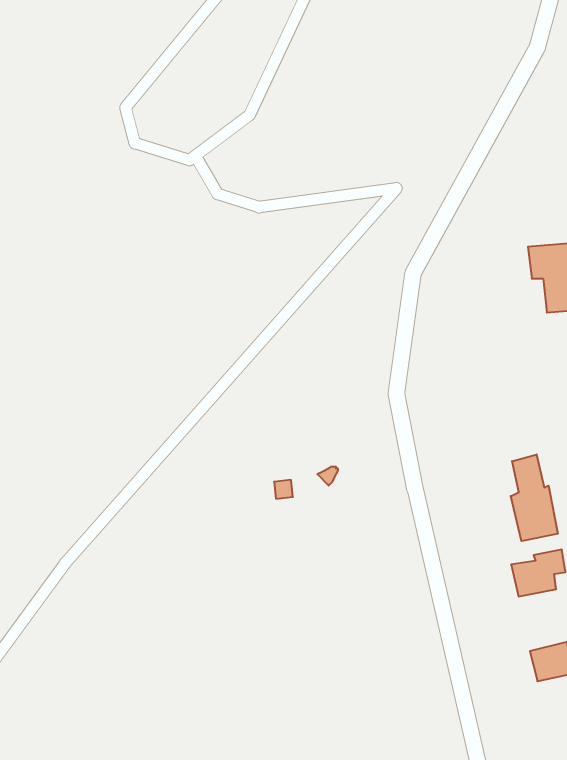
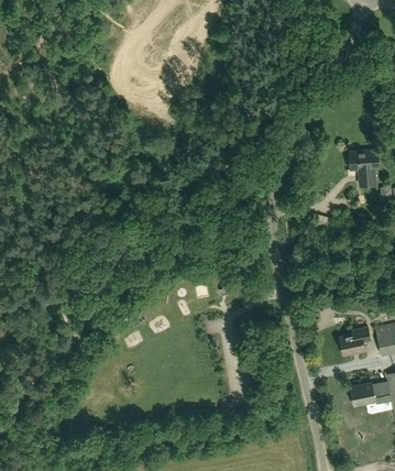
building: [511,454,558,541] -> none

